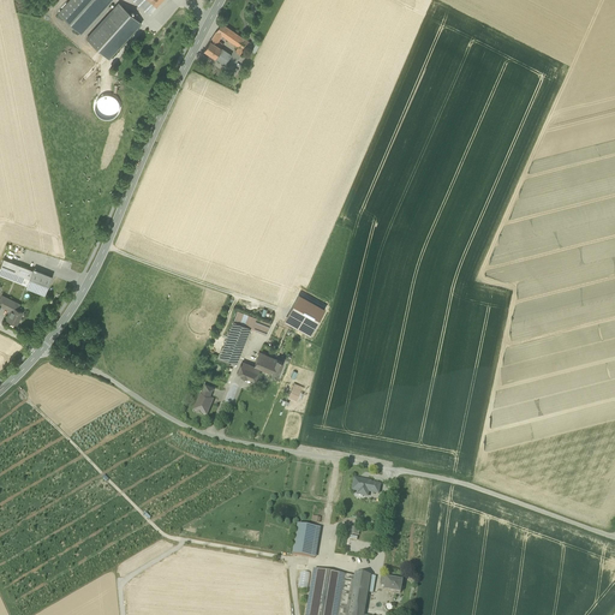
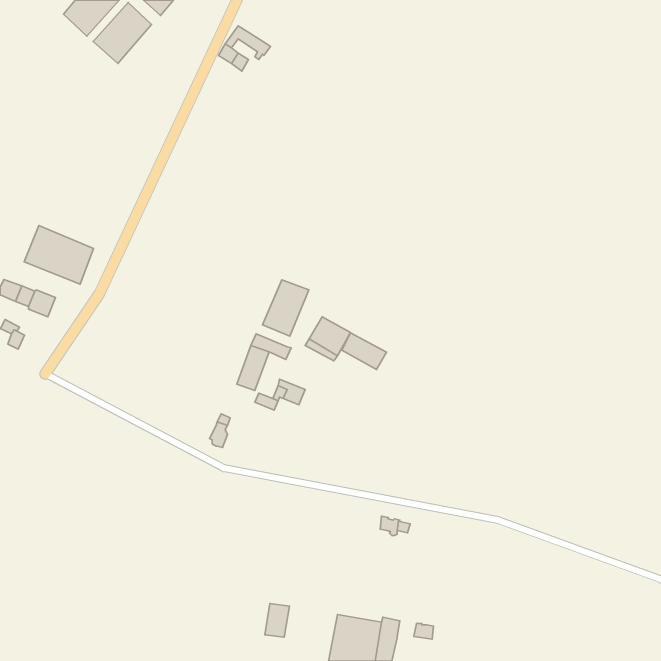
building: none -> [24,226,93,284]
building: none -> [262,280,309,336]
building: none -> [342,333,386,370]
building: [292,526,315,557] -> [265,604,289,637]

